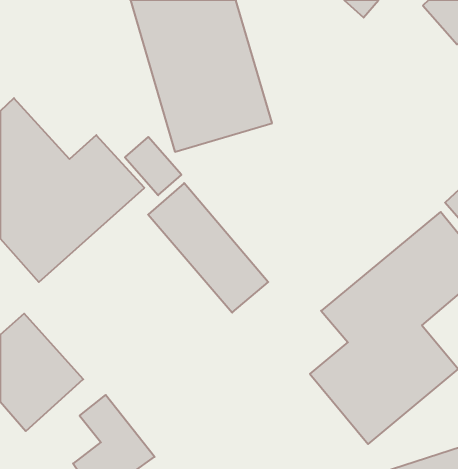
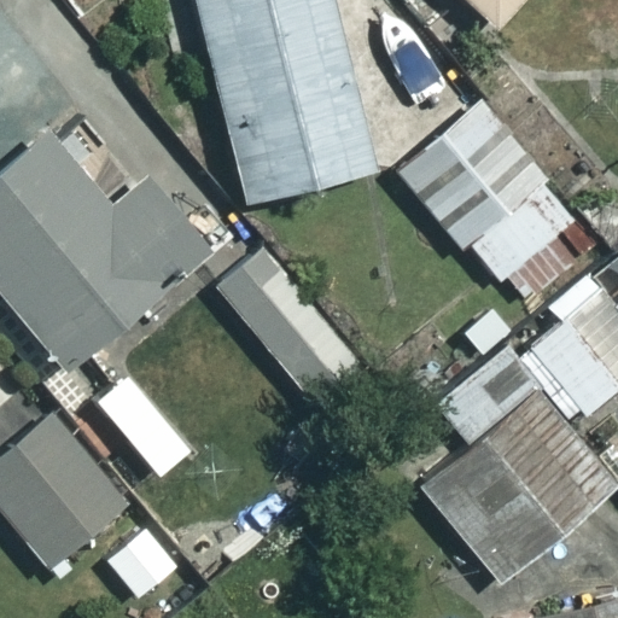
building: none -> [396,99,591,309]

